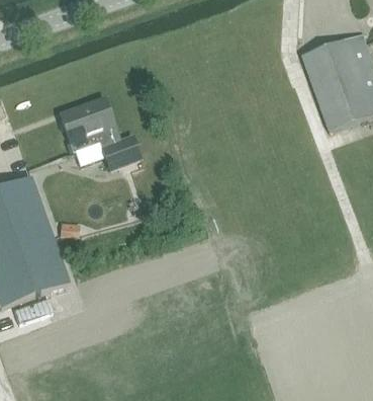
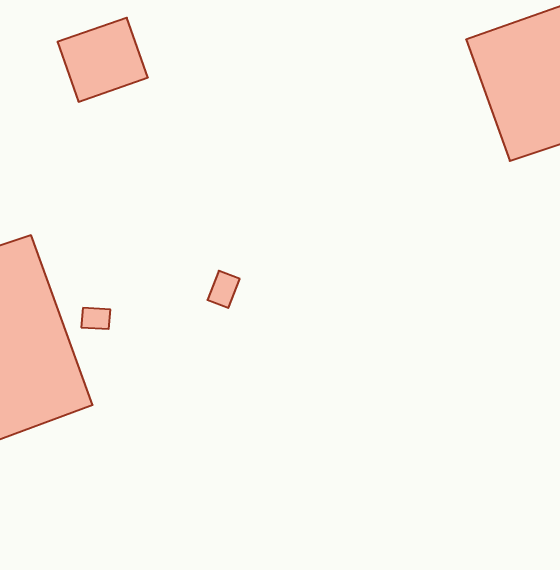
building: [59,97,115,150] -> [57,18,148,102]
building: [100,135,141,170] -> none

